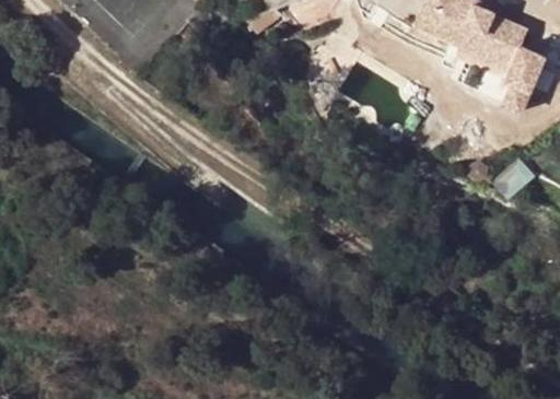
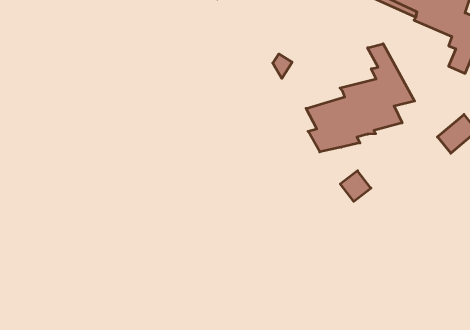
building: none -> [306,44,415,152]

